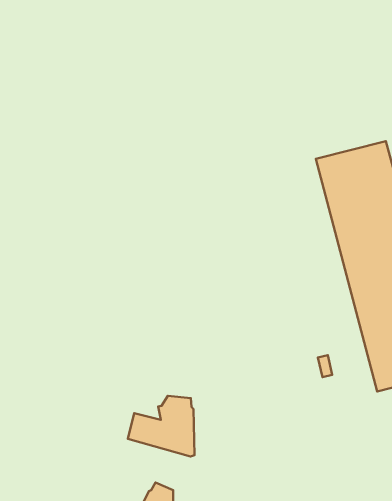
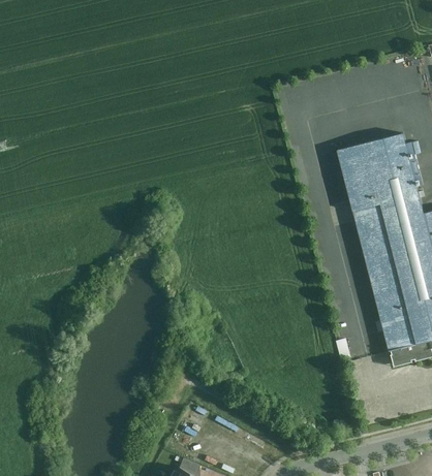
building: [128,396,195,457] -> none

